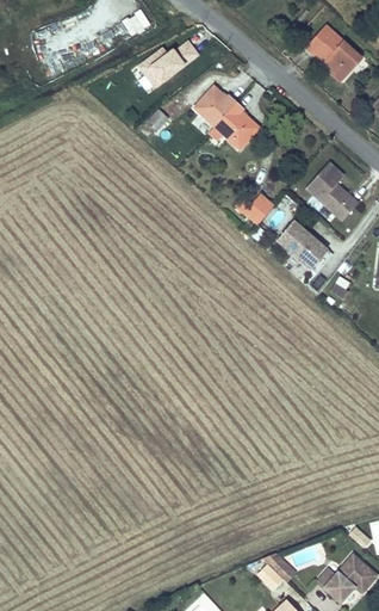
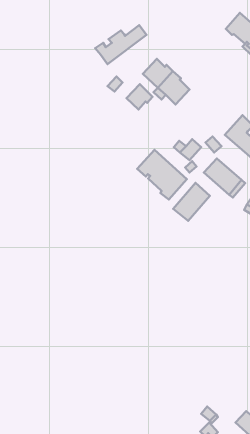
building: none -> [127,84,153,109]
building: none -> [137,150,187,200]
building: none -> [173,183,210,221]

